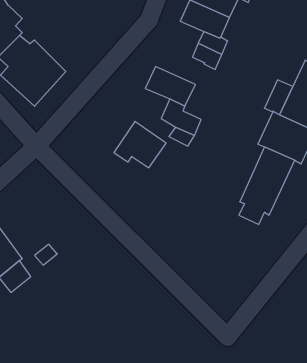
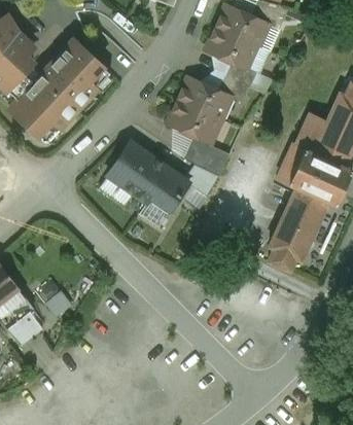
building: none -> [46,39,110,105]
building: none -> [178,77,232,119]
building: none -> [107,144,155,193]

